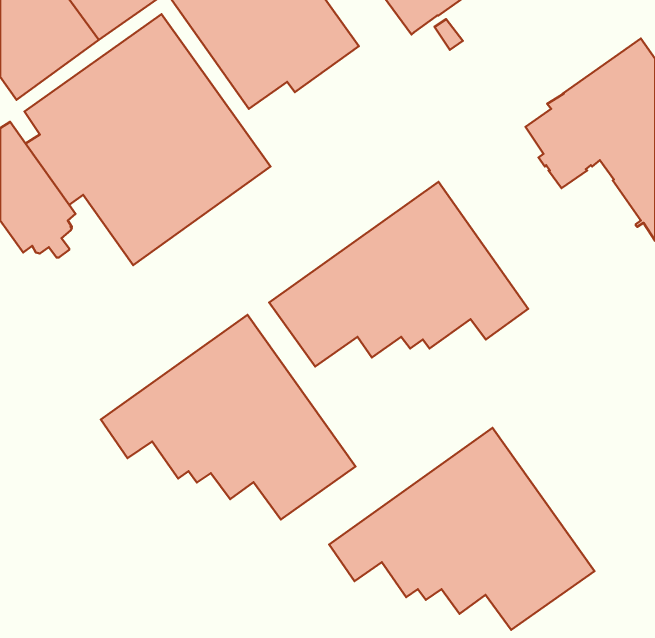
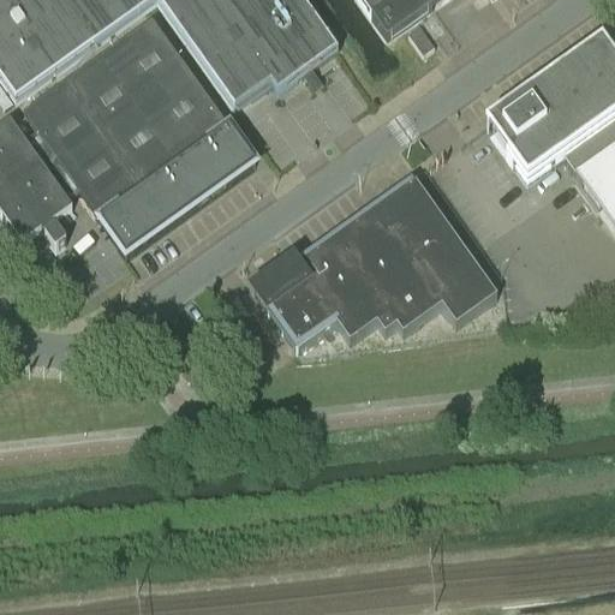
building: [101,315,356,519] -> none
building: [329,428,595,630] -> none

